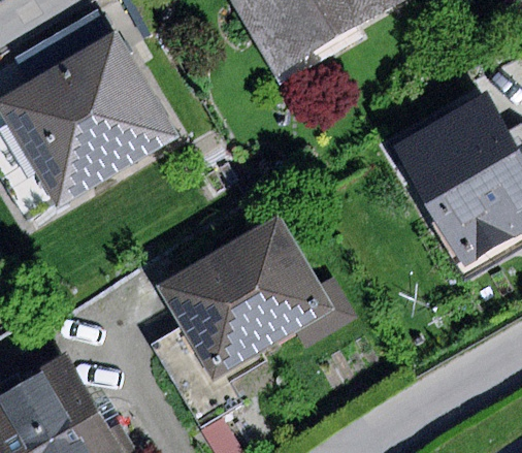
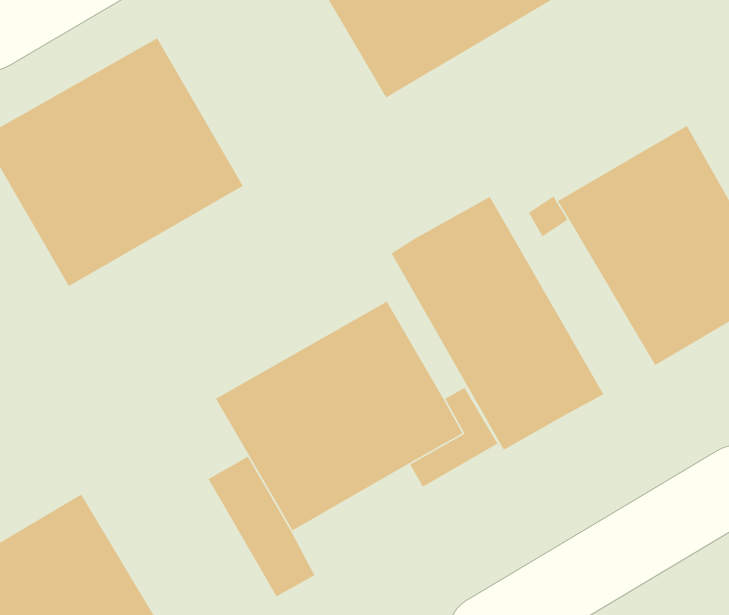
building: none -> [390,196,605,451]

